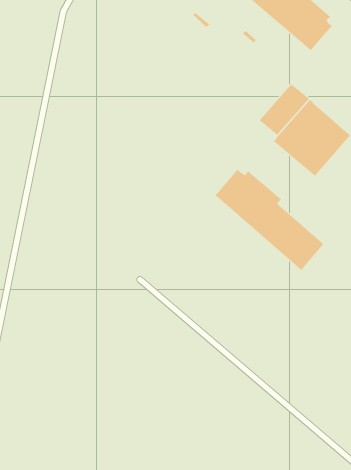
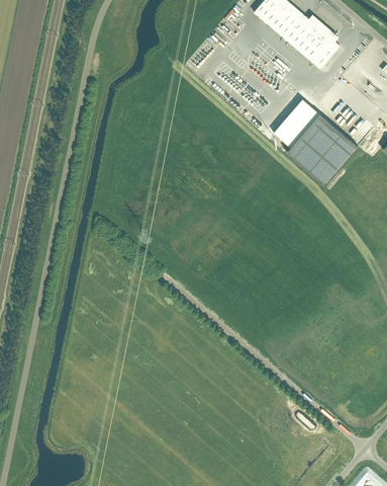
building: [215,169,324,271] -> none

